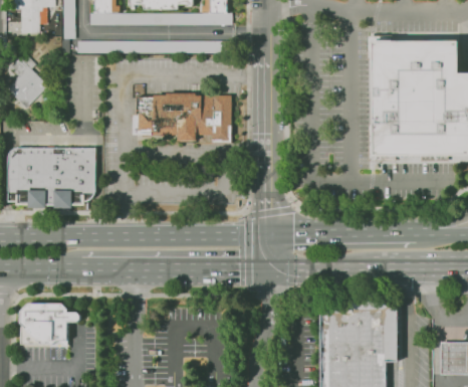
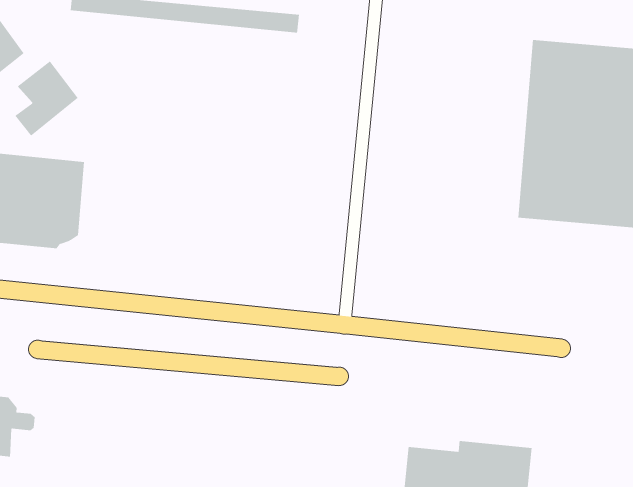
building: none -> [15,61,78,136]
building: [137,98,231,143] -> none

